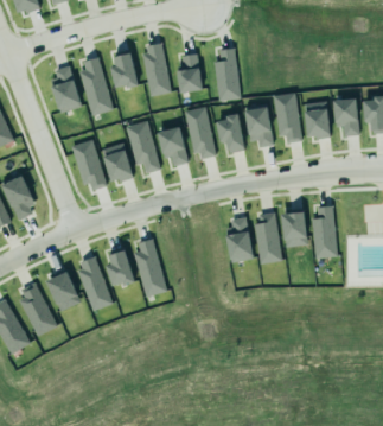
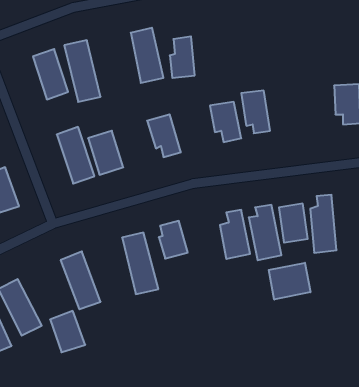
building: [213,49,240,101] -> none
building: [109,52,139,89] -> none
building: [275,93,301,144] -> none
building: [305,102,330,139] -> none
building: [185,107,216,160] -> none
building: [126,121,160,173] -> none
building: [107,250,134,286] -> [159,221,188,259]
building: none -> [269,263,310,300]
building: [47,272,81,311] -> [50,311,85,352]

